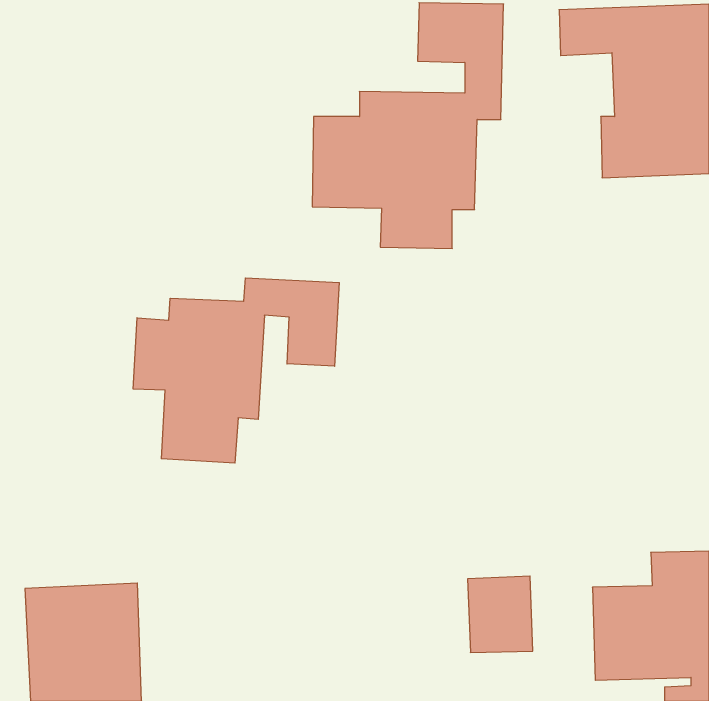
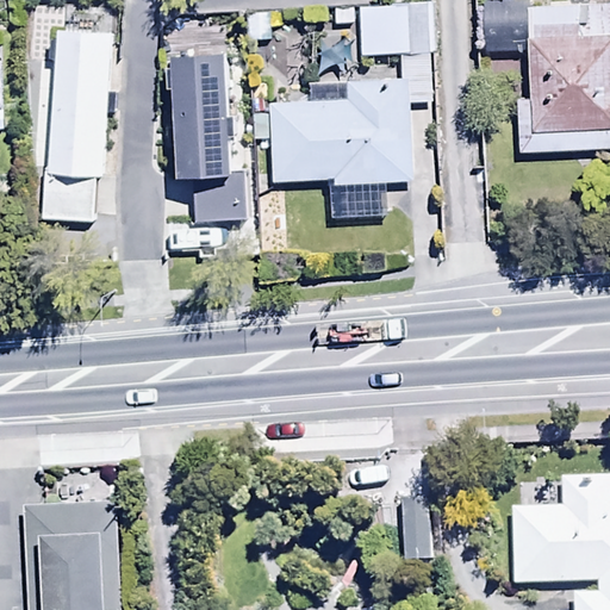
building: none -> [44,29,111,217]
building: none -> [173,55,244,218]
building: [133,278,339,463] -> none

